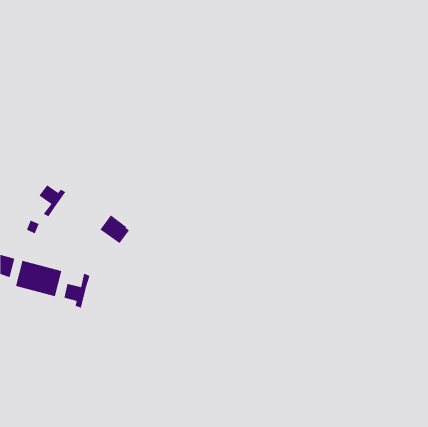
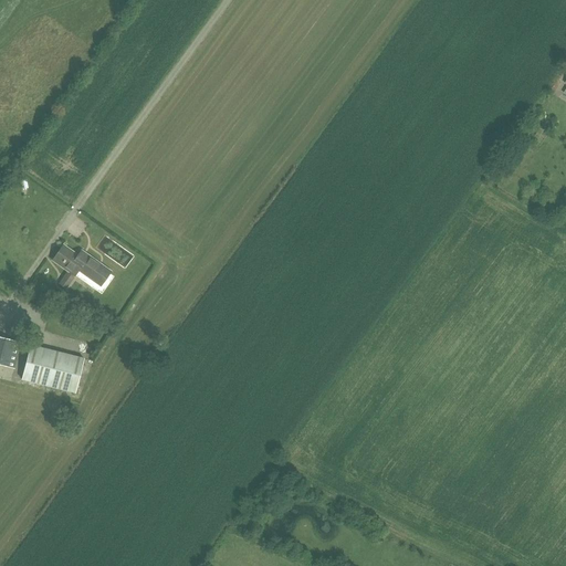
building: [100,215,130,244] -> [73,253,113,292]
building: [64,273,90,308] -> none

